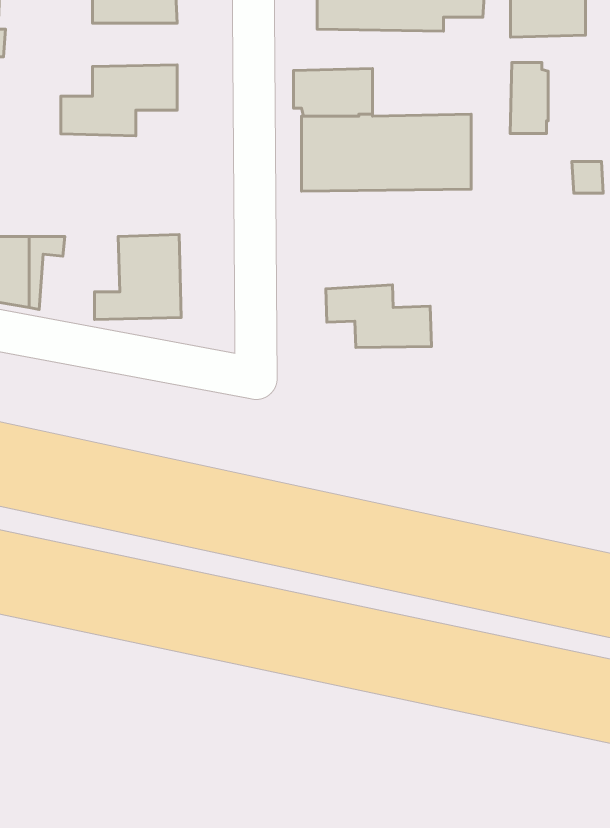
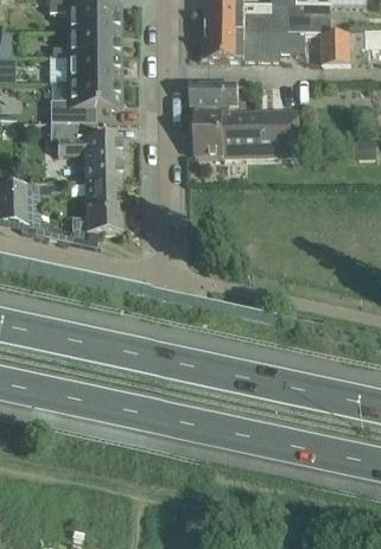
building: none -> [69,55,120,81]
building: [510,62,548,133] -> none
building: none -> [51,123,121,183]
building: [326,285,432,347] -> none

